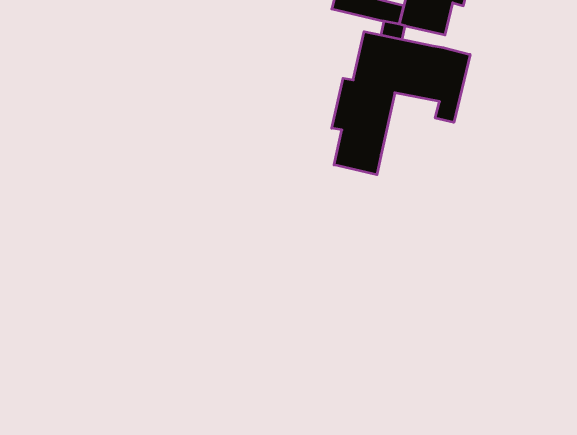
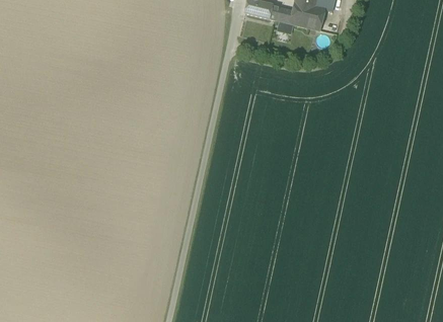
building: [332,32,470,175] -> none

